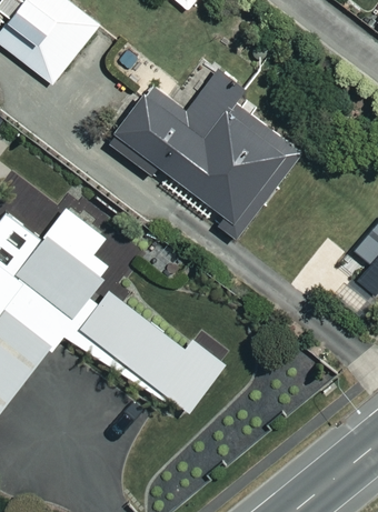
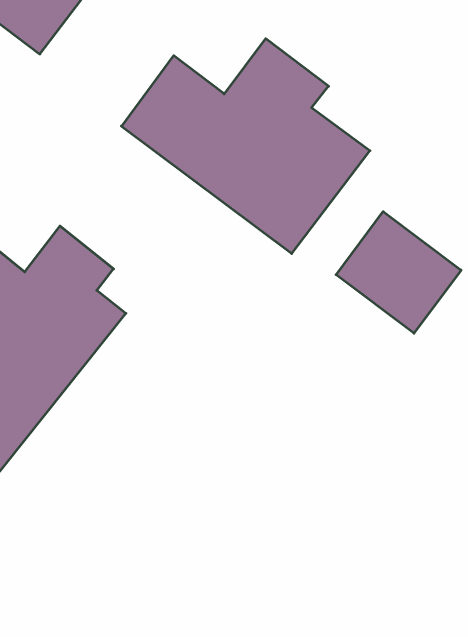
building: none -> [336,212,461,333]
building: [72,291,225,418] -> none

